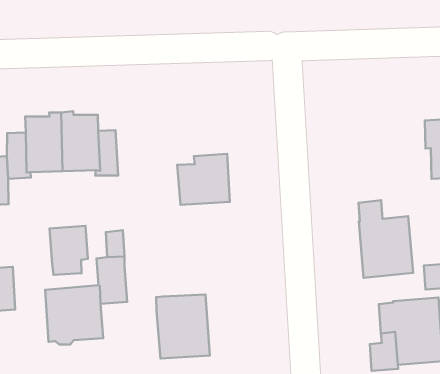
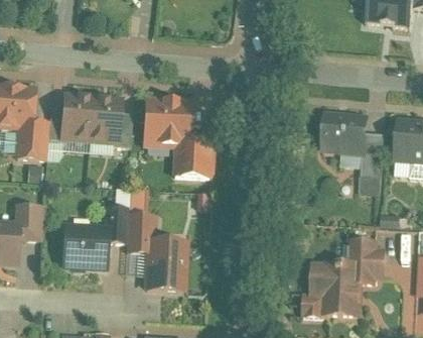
building: none -> [323,114,366,153]
building: none -> [144,100,190,145]
building: [359,200,413,278] -> none
building: [49,226,88,275] -> [126,216,154,252]

